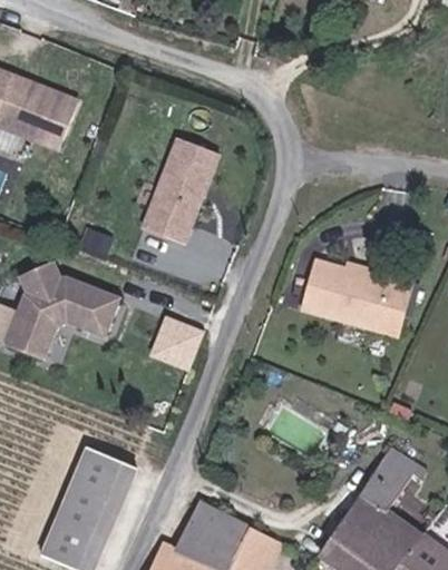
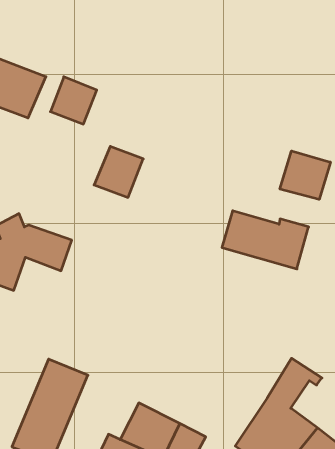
building: [163,139,221,198] -> [50,77,97,124]
building: none -> [280,151,330,199]
building: [152,312,207,368] -> none

